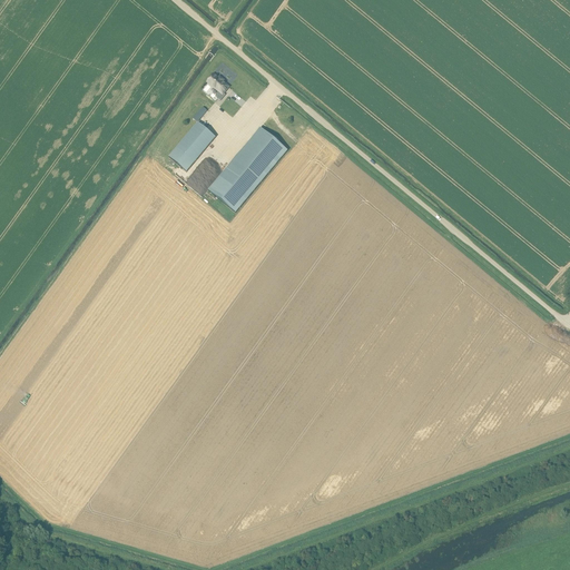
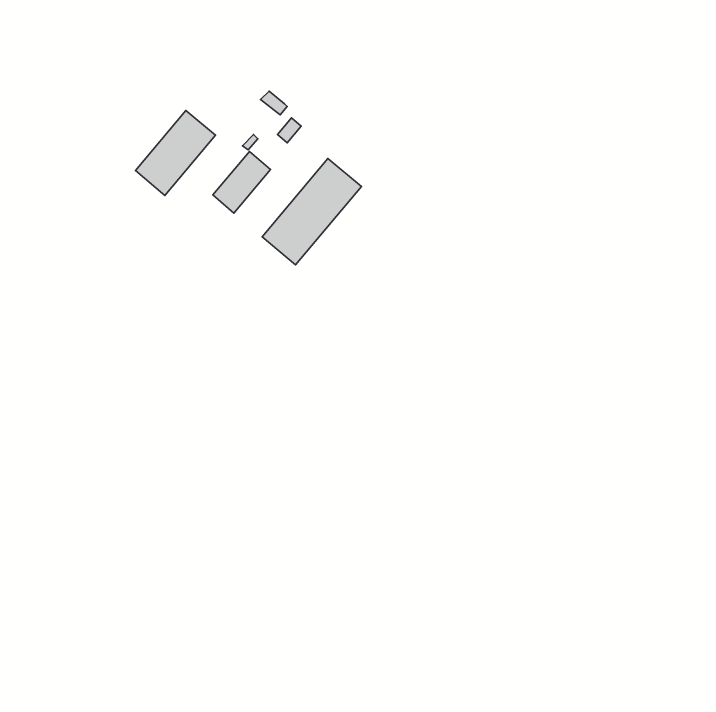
building: none -> [135,110,215,195]

